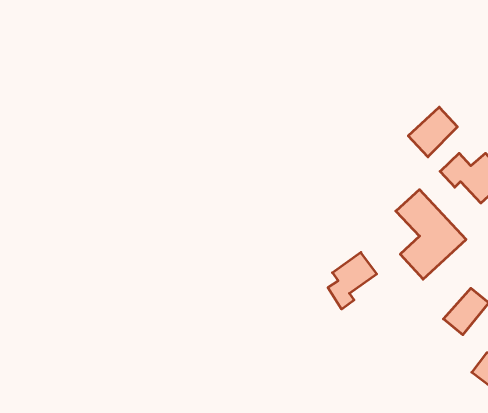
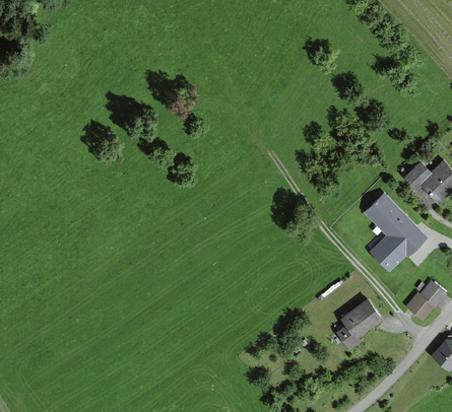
building: [408,107,457,157] -> none
building: [328,252,377,309] -> [337,300,381,351]

